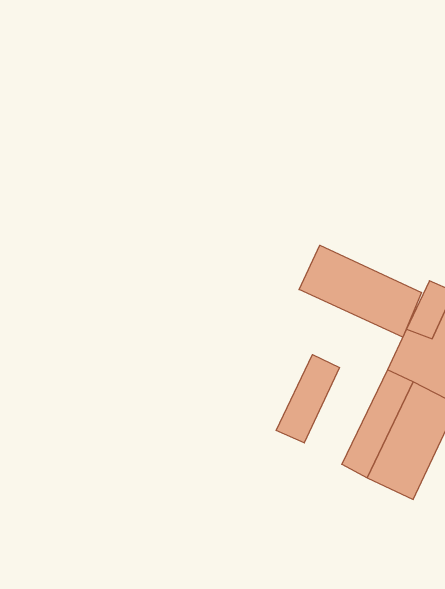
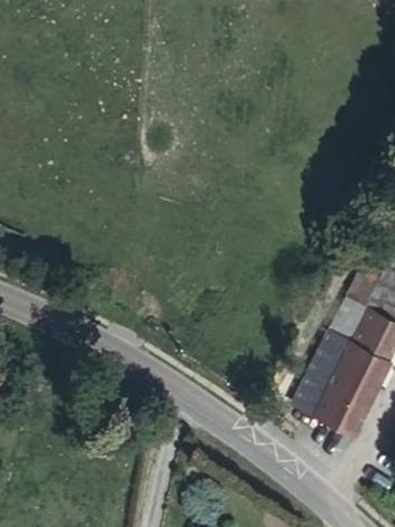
building: [299,245,421,337] -> none
building: [276,355,339,443] -> none

